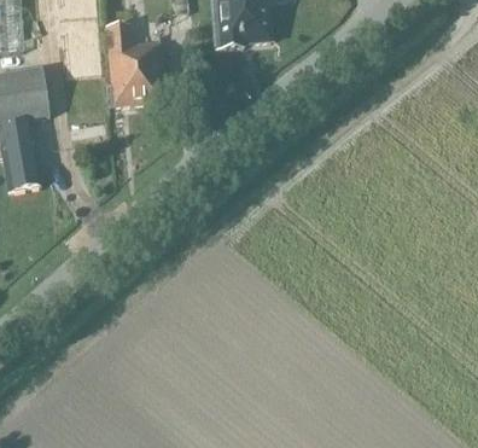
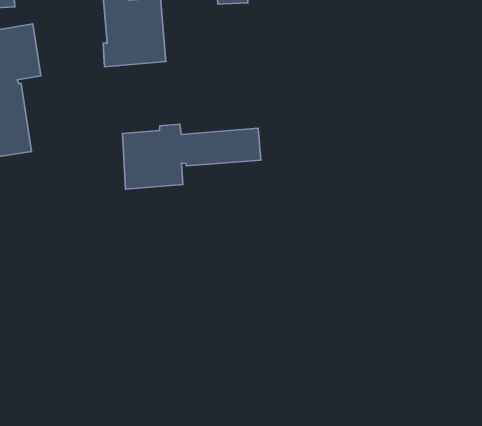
building: none -> [122,124,261,189]

